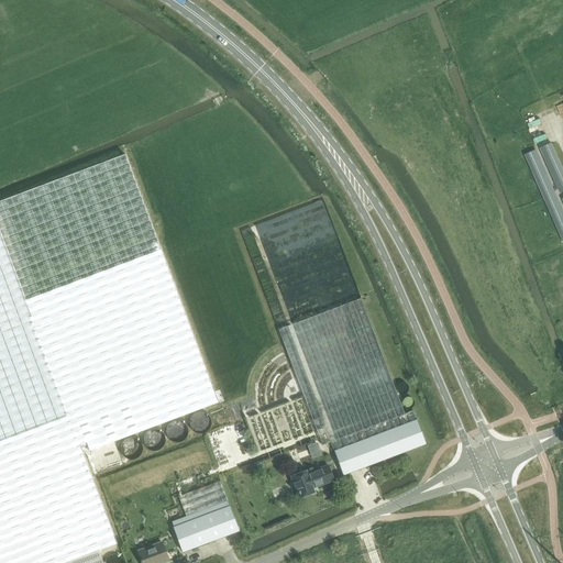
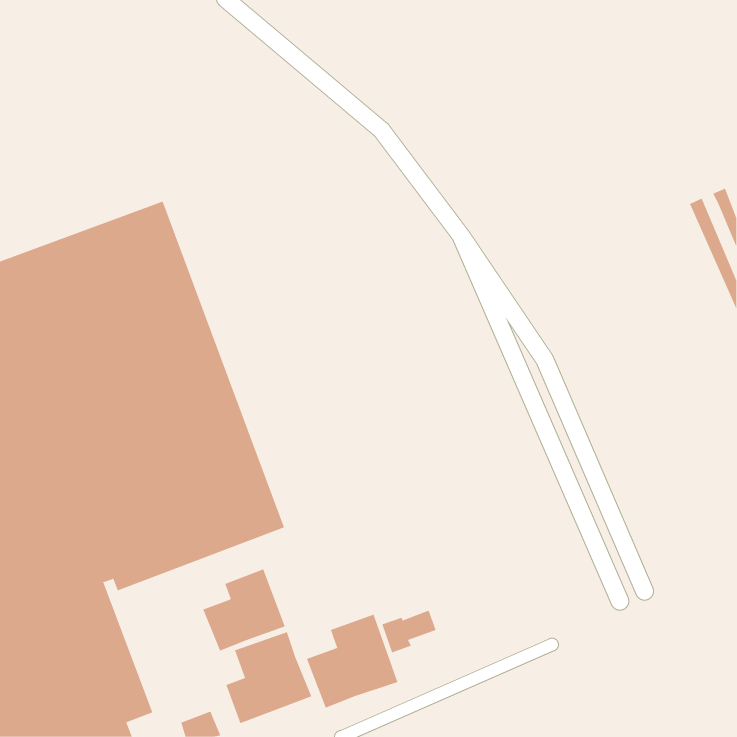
building: [277,297,424,475] -> none
building: none -> [203,568,285,652]
building: none -> [306,614,398,708]

